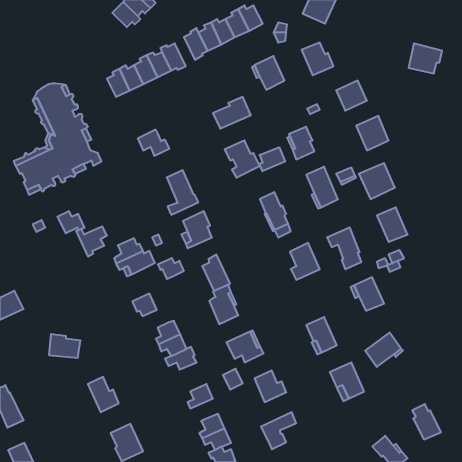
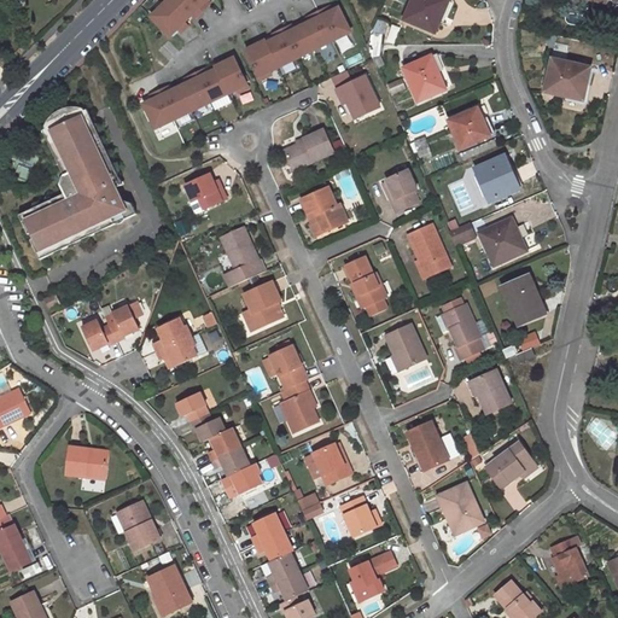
building: [260,147,285,171] -> none
building: [57,211,85,233] -> [81,320,117,349]
building: [158,258,184,279] -> [190,413,225,441]
building: none -> [253,531,293,560]

